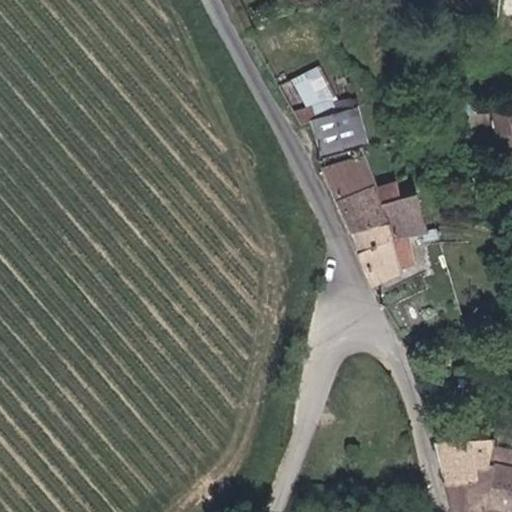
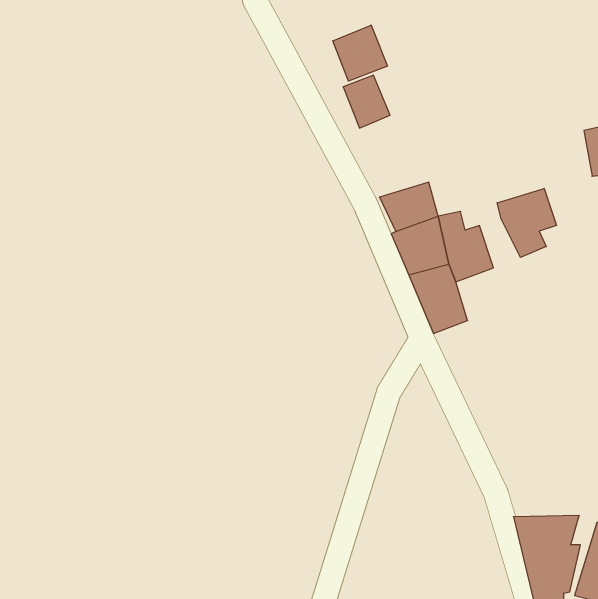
building: none -> [333,25,387,81]
building: [315,110,365,154] -> none
building: none -> [497,188,556,257]

